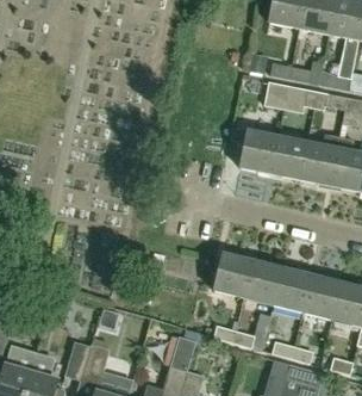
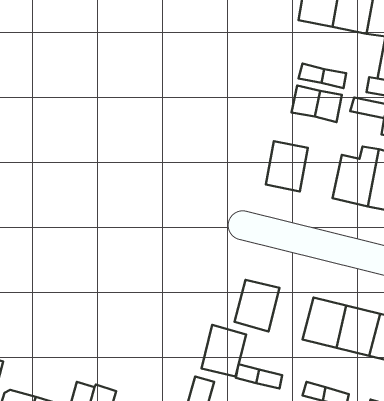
building: [270,135,307,179] -> none
building: [243,258,282,303] -> [201,325,246,377]

